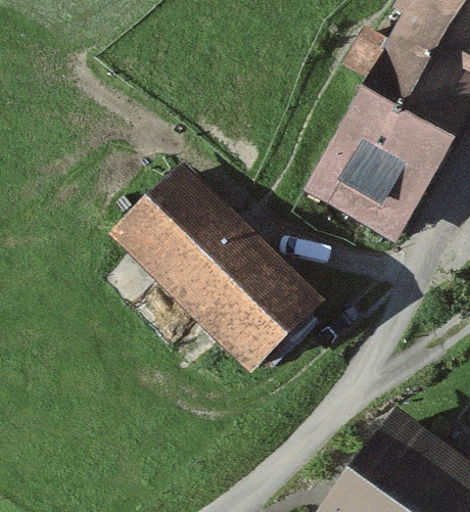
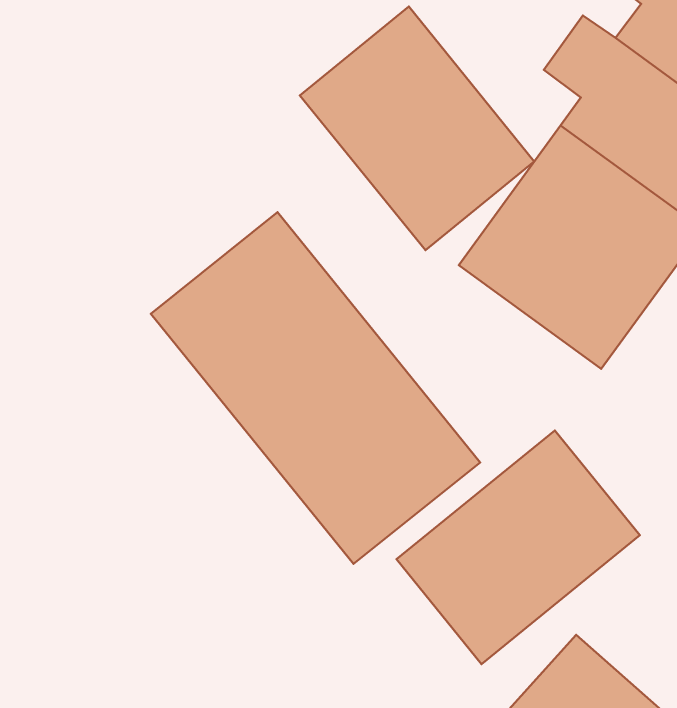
building: none -> [300,7,534,250]
building: none -> [396,430,640,664]

